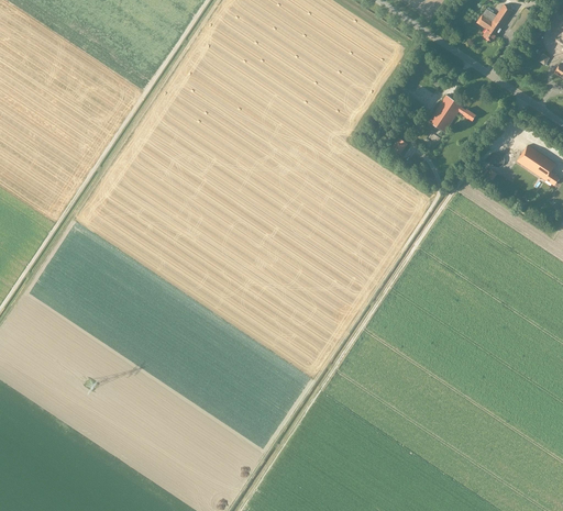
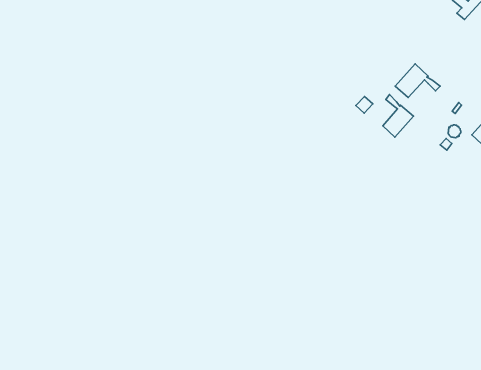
building: none -> [383,94,414,137]

